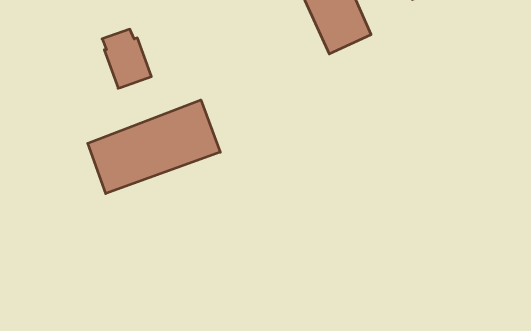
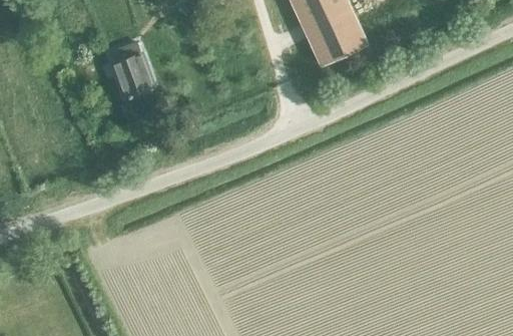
building: [88,100,220,194] -> none

